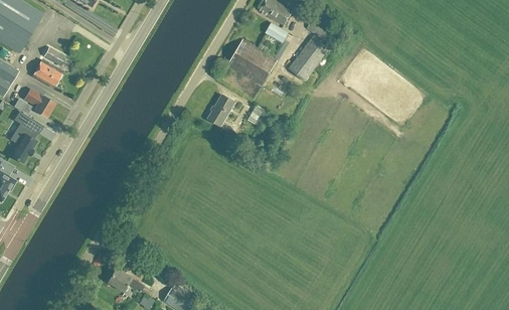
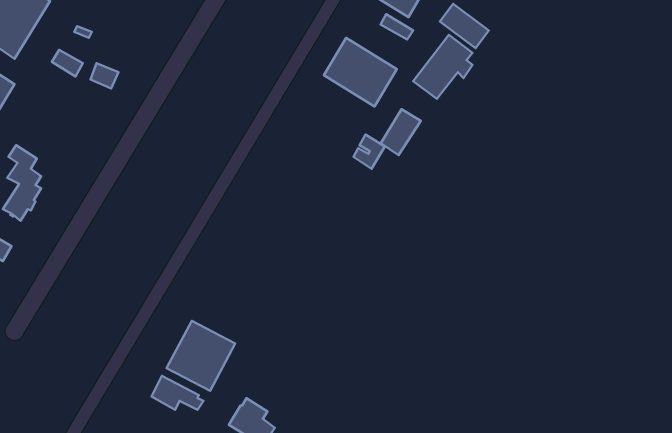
building: [31,61,60,89] -> none
building: [24,91,54,117] -> none
building: [207,96,234,127] -> [381,109,421,155]
building: none -> [167,321,235,391]

